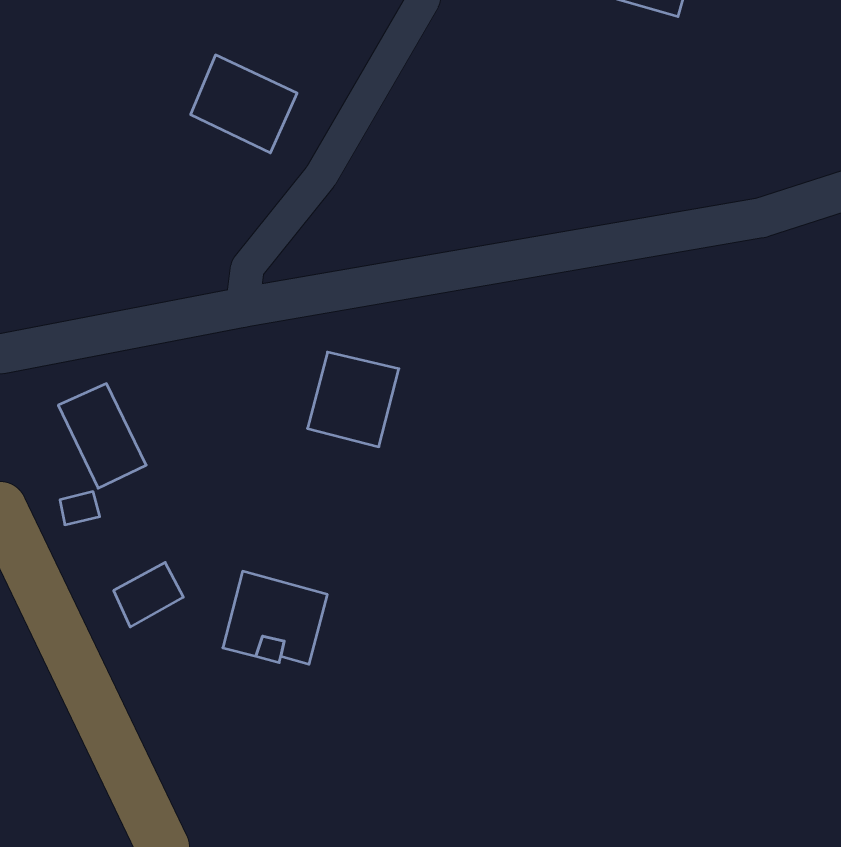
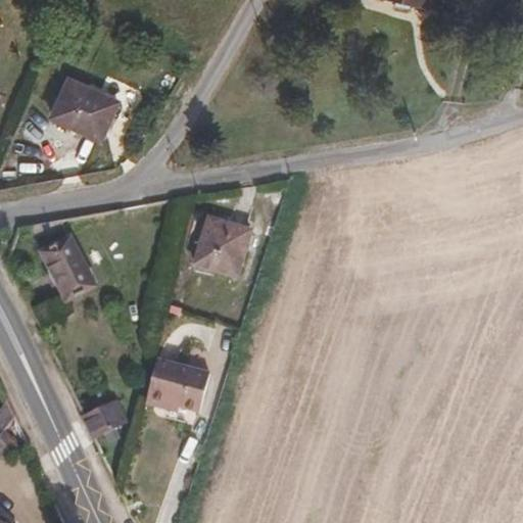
building: [191,55,297,153] -> [53,80,118,140]
building: [114,562,183,627] -> [85,401,128,441]

